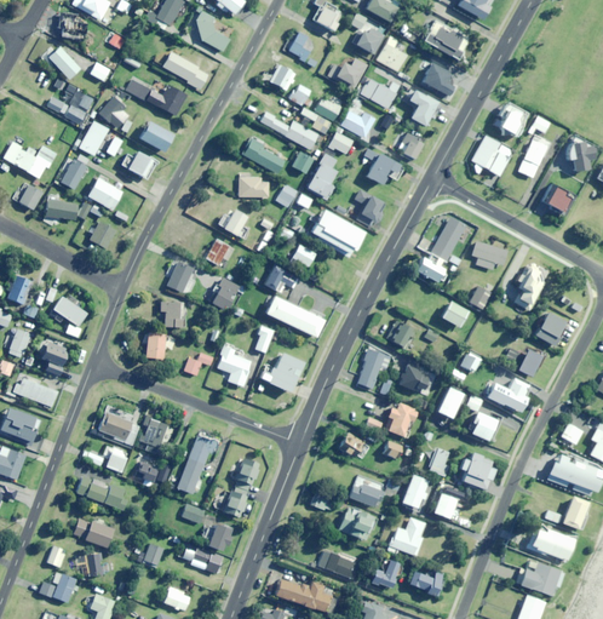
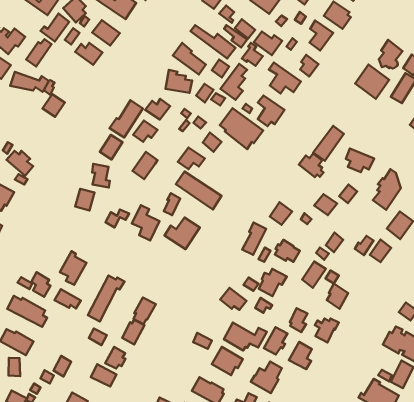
building: [87,177,124,210] -> none
building: none -> [109,100,143,138]
building: [487,377,528,409] -> none
building: [99,412,137,445] -> none

